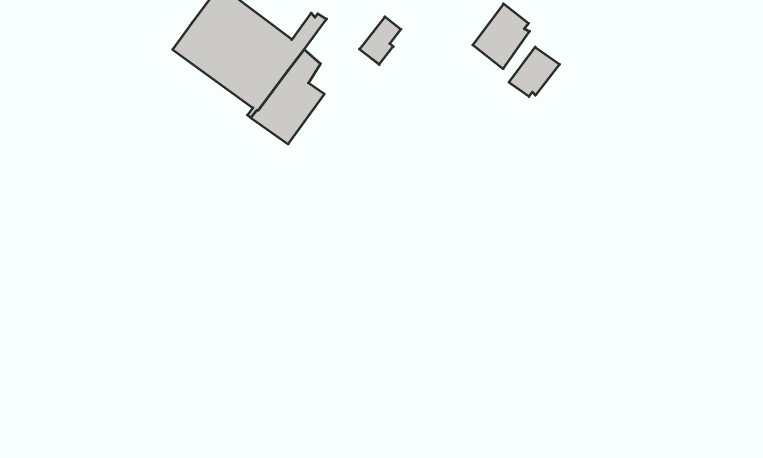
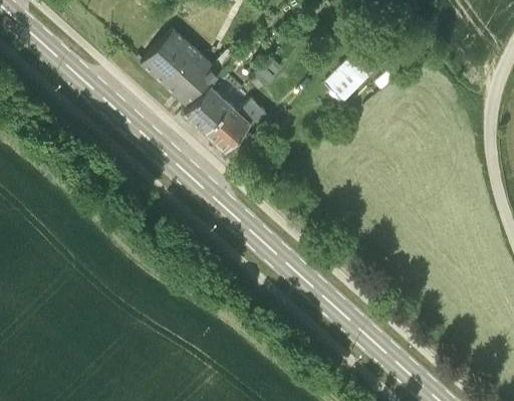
building: [509,47,560,97] -> none
building: none -> [205,98,269,151]

